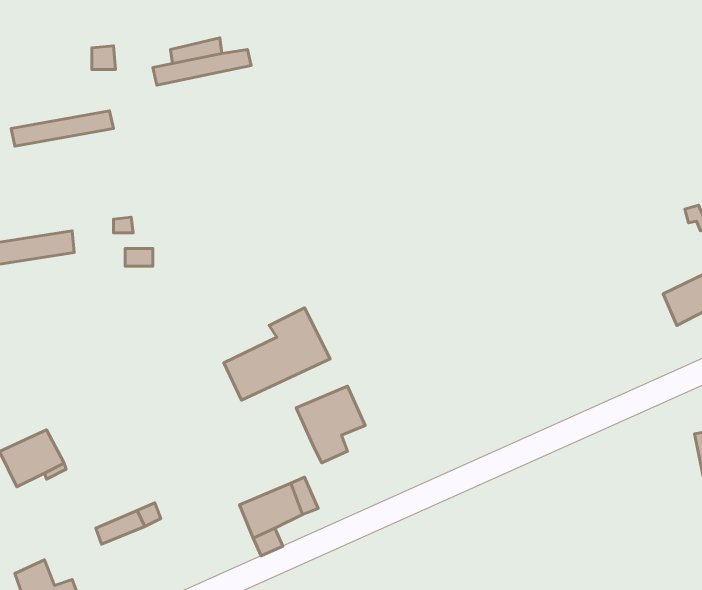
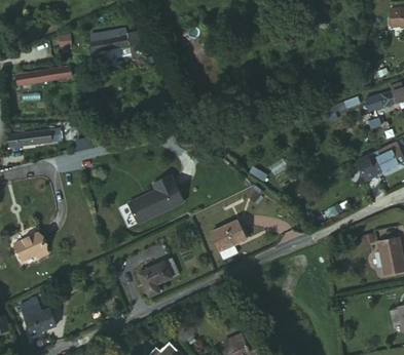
building: [296,386,365,463] -> [210,221,246,261]

